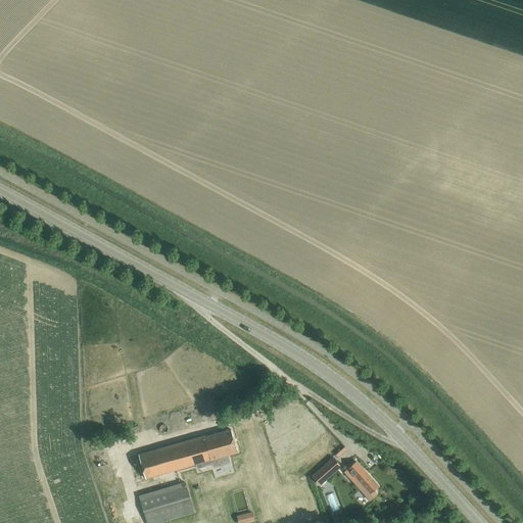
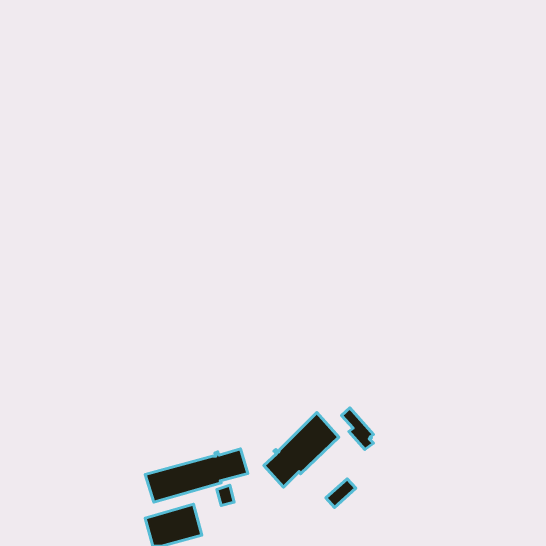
building: none -> [264,413,339,487]
building: [347,461,378,501] -> [341,408,374,450]

